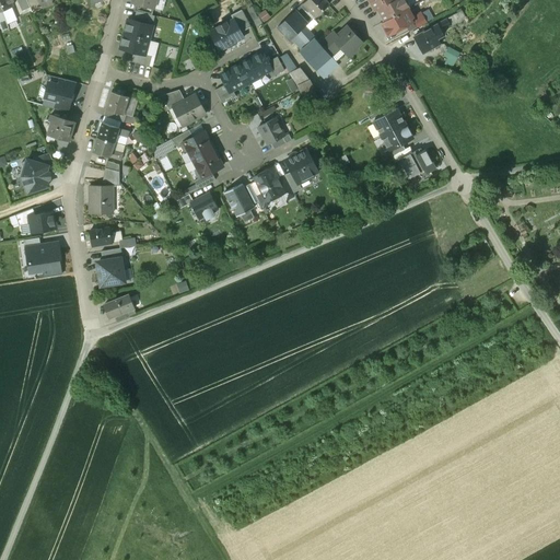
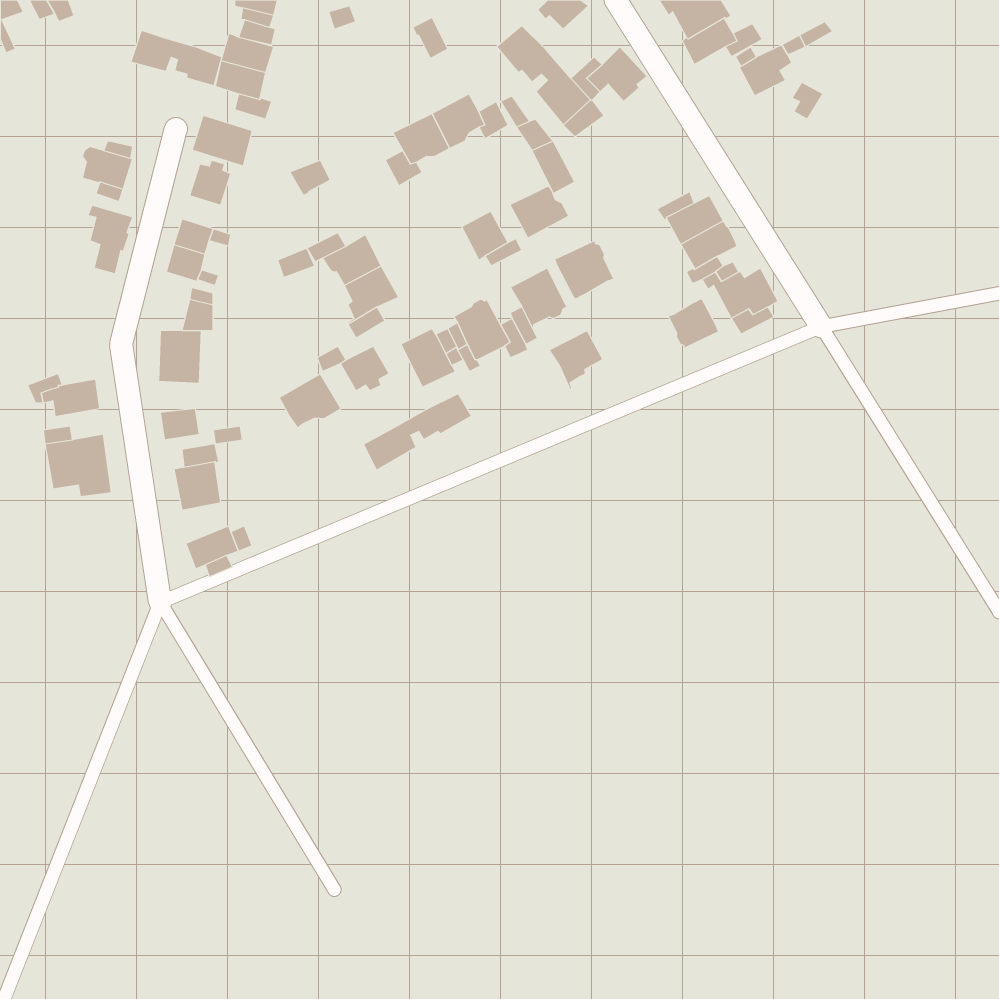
building: none -> [131,30,222,86]
building: [210,20,244,50] -> none
building: none -> [192,115,252,166]
building: [173,96,205,126] -> none
building: none -> [510,186,569,238]
building: none -> [555,240,614,299]
building: [22,152,56,192] -> none
building: none -> [668,299,719,348]
building: none -> [549,330,603,390]
building: none -> [279,374,341,428]
building: none -> [363,394,471,471]

